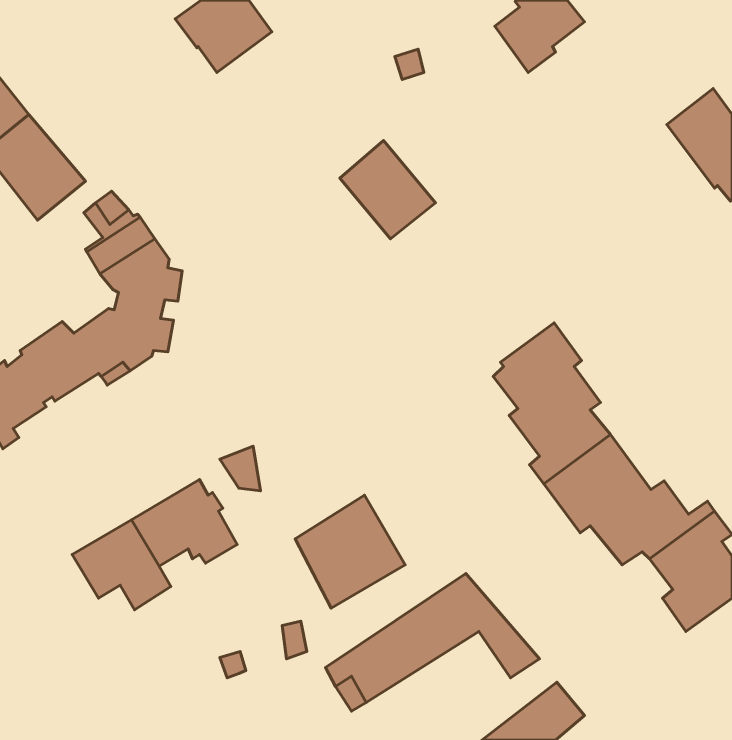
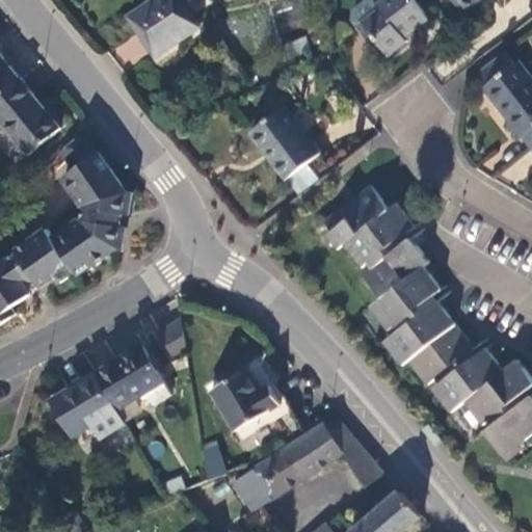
building: none -> [314,182,404,260]

